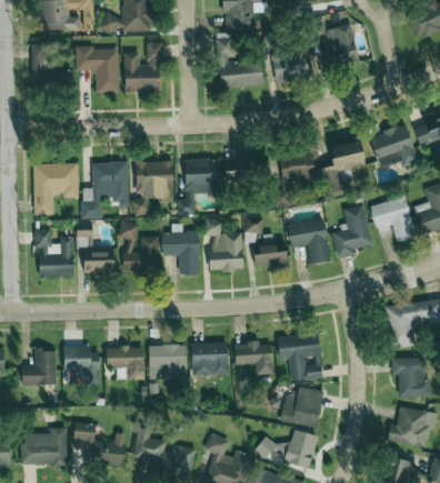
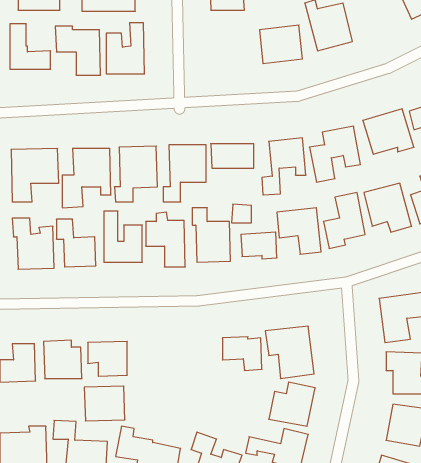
building: [217,32,263,88] -> none
building: [191,342,229,375] -> none
building: [149,344,188,378] -> [84,386,125,421]

